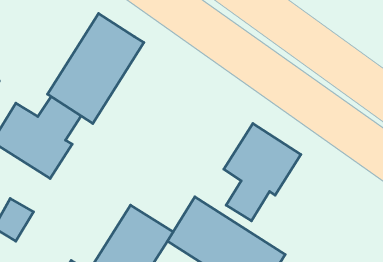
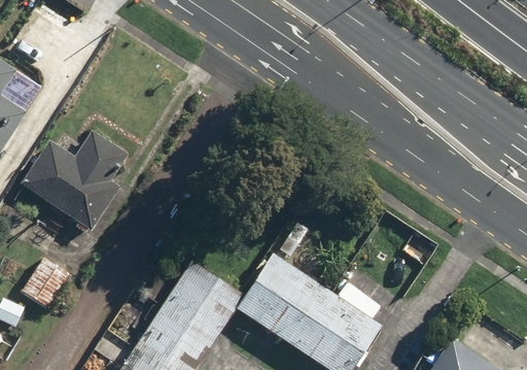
building: [48,13,144,123] -> none
building: [224,124,301,221] -> none

